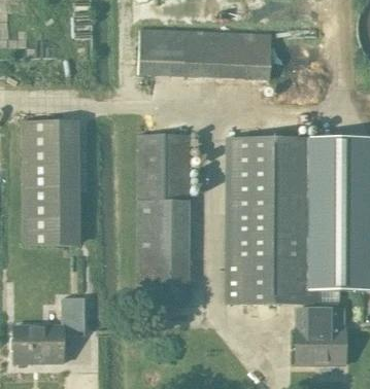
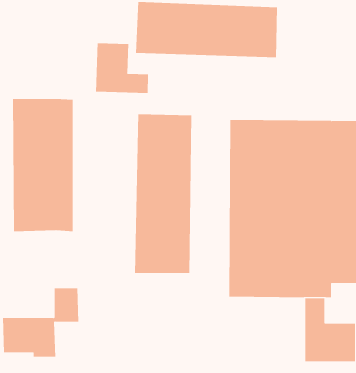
building: none -> [96,42,149,94]

